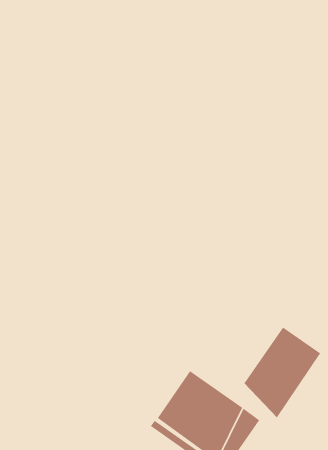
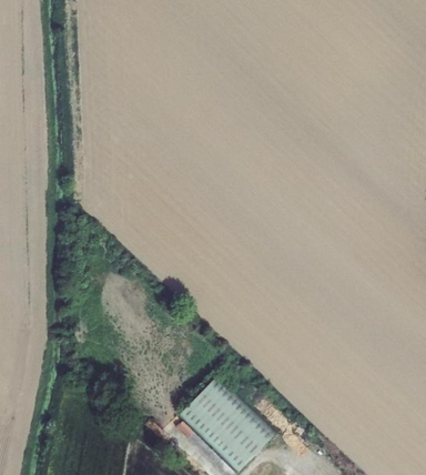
building: [243,326,321,419] -> none

